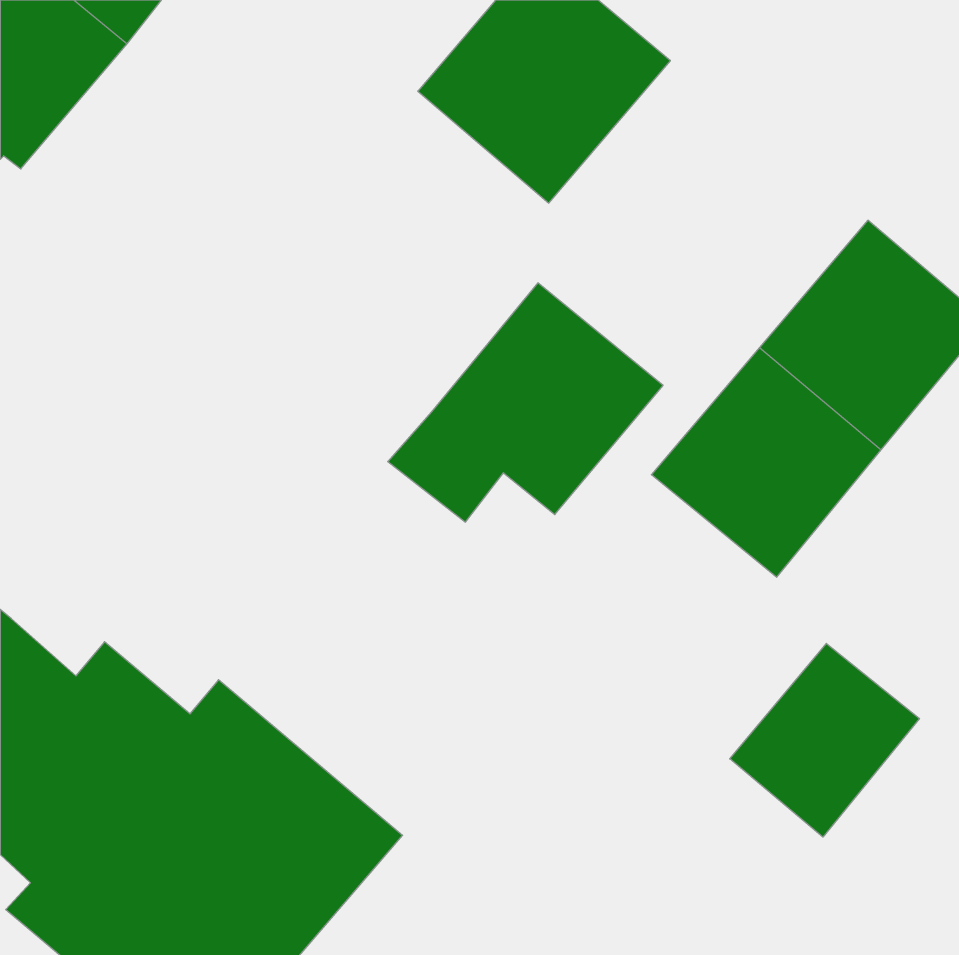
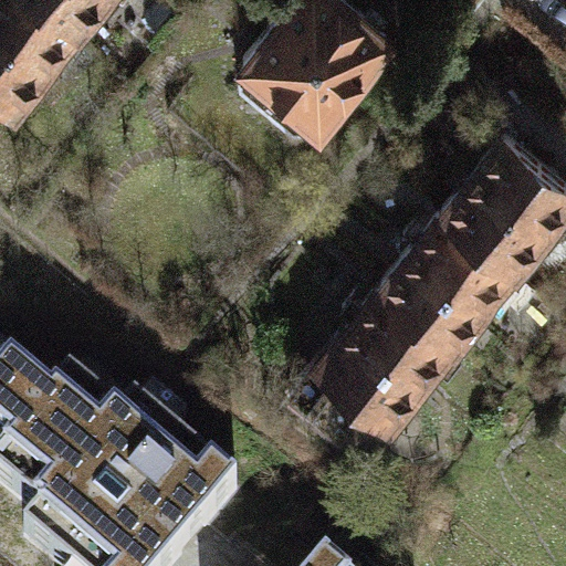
building: [388,283,663,522] -> [298,285,459,424]
building: [730,643,919,837] -> none

